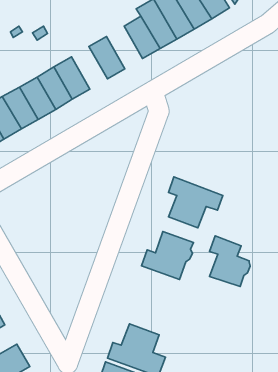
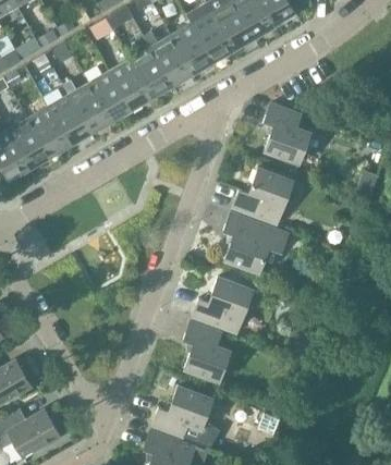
building: none -> [150,35,193,85]
building: none -> [109,59,151,109]
building: none -> [262,103,310,163]
building: none -> [231,168,293,224]
building: [210,236,250,287] -> [183,321,231,381]

